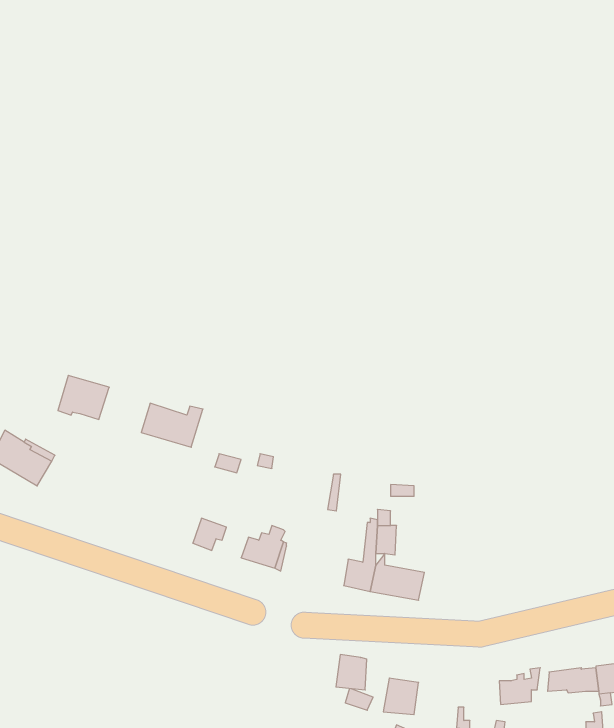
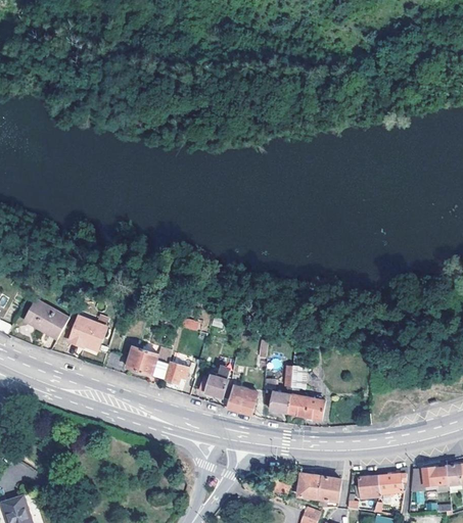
building: [58,375,109,419] -> [70,319,105,349]
building: [141,403,203,447] -> [127,347,170,378]
building: none -> [226,385,257,414]
building: [336,655,367,690] -> [319,477,340,502]
building: none -> [359,476,379,497]

